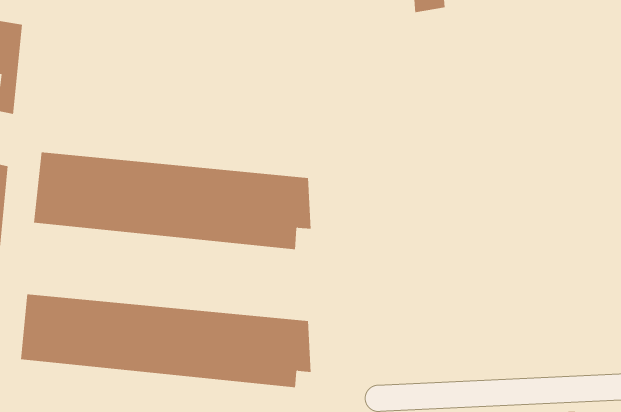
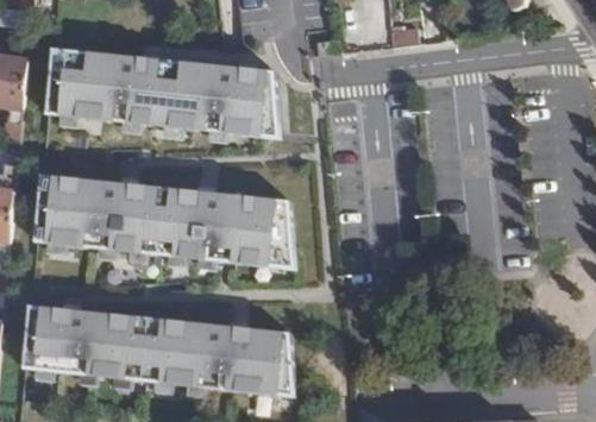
building: none -> [48,50,278,136]

